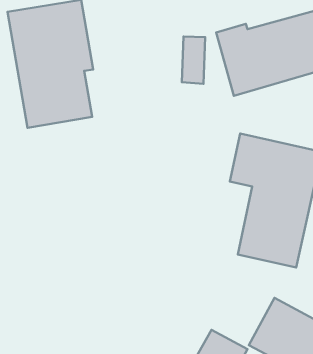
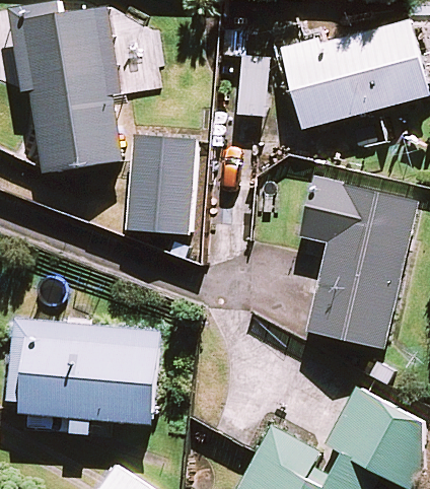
building: none -> [127,133,194,233]
building: none -> [17,319,166,436]

